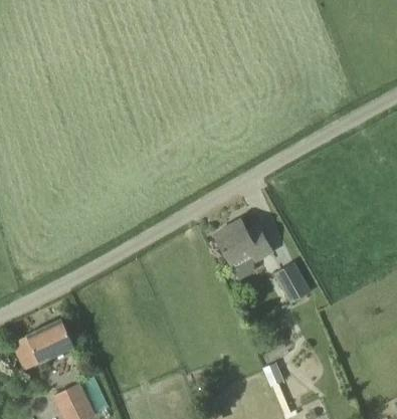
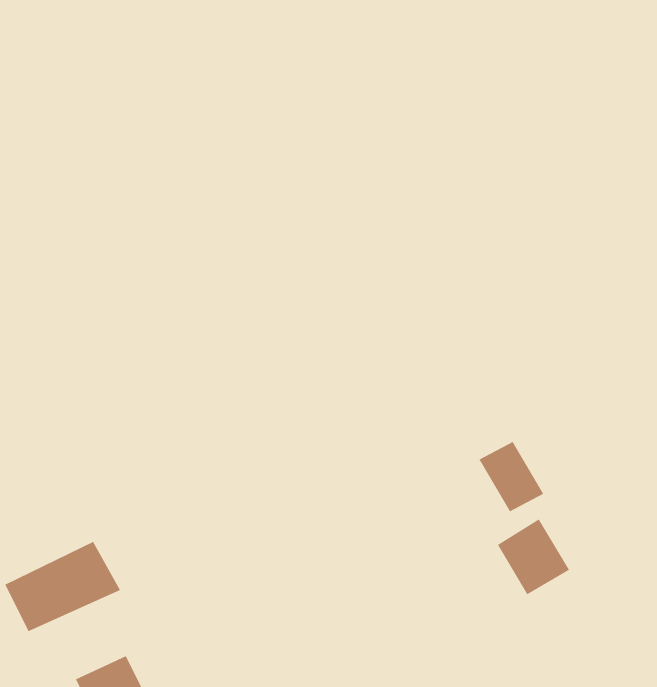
building: [214,221,272,266] -> none
building: none -> [497,518,570,595]

